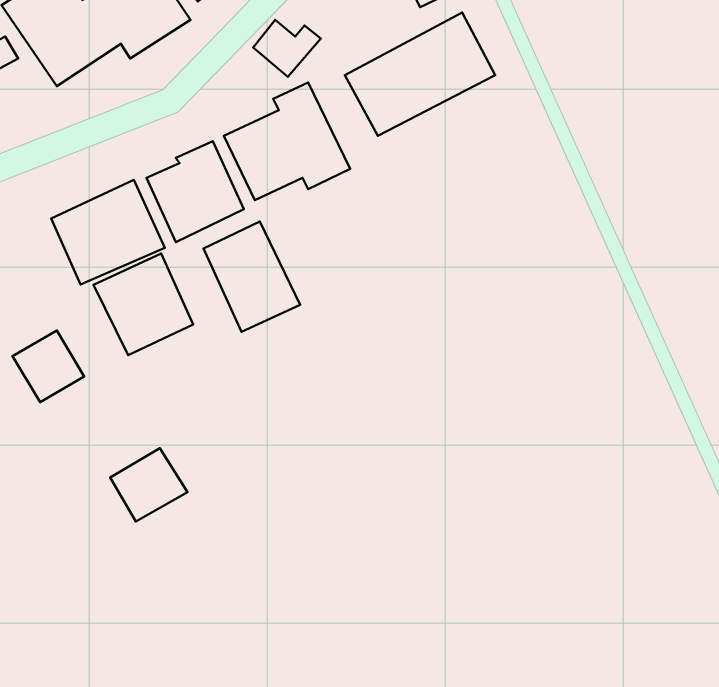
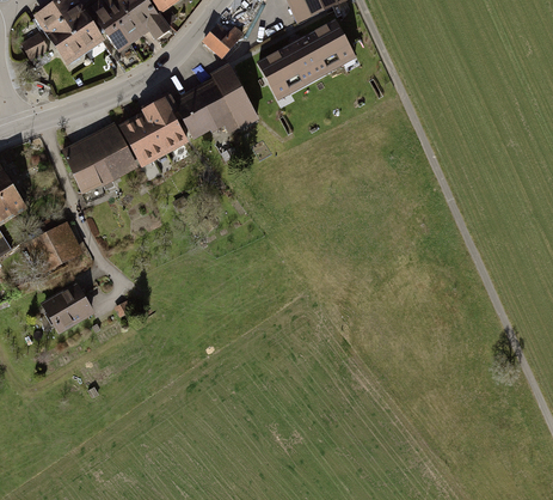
building: [204,221,300,332] -> none
building: [94,254,193,355] -> none
building: [110,448,187,522] -> [39,282,90,330]

